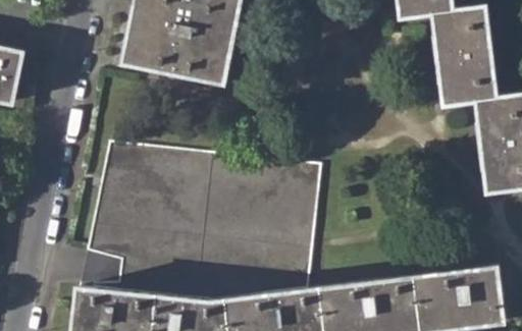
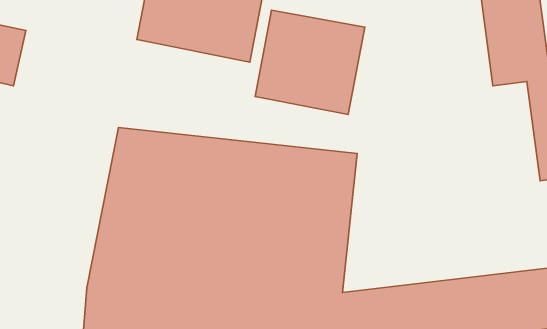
building: none -> [255,10,365,114]

